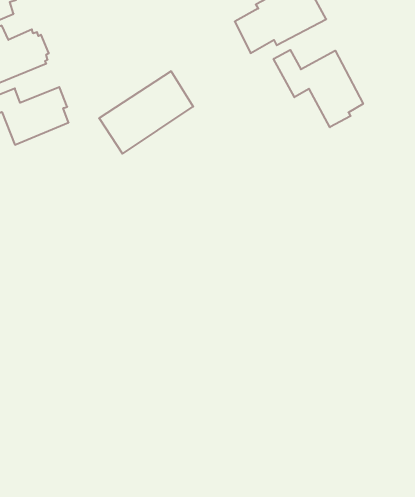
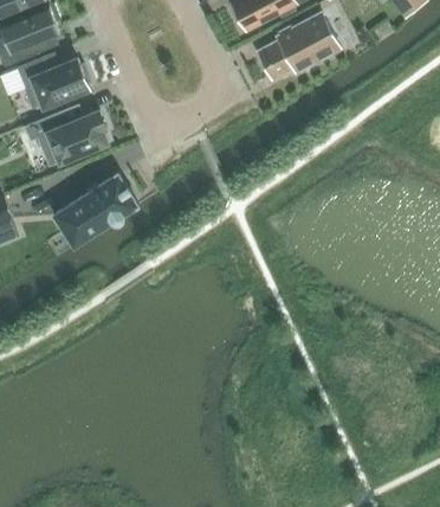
building: [274,50,363,127] -> none
building: [99,71,193,154] -> [53,172,138,246]

